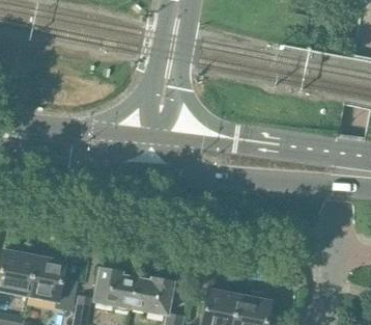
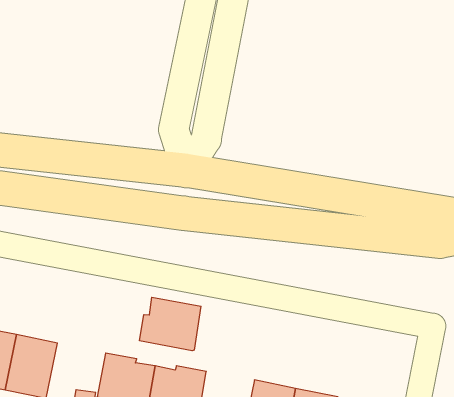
building: none -> [140,297,201,351]

